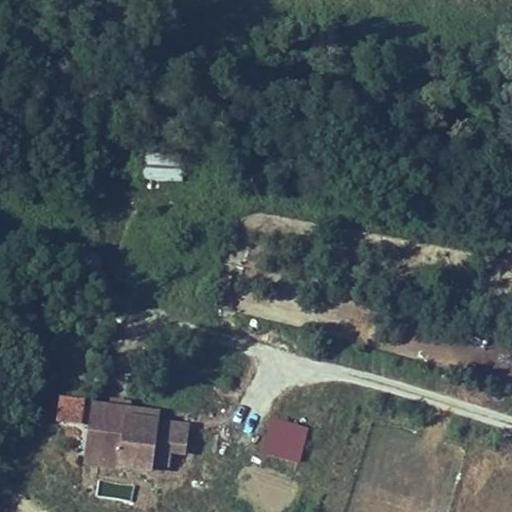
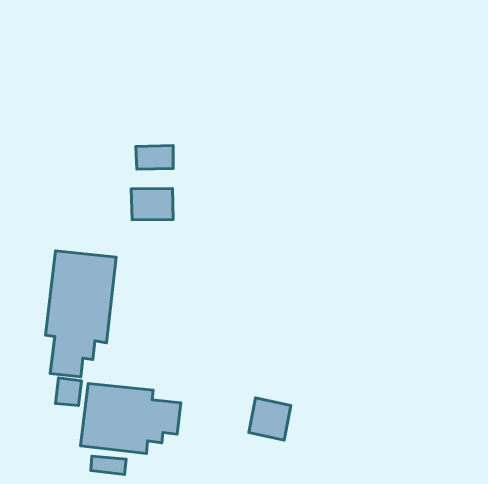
building: none -> [131,189,173,220]
building: none -> [45,251,116,377]

